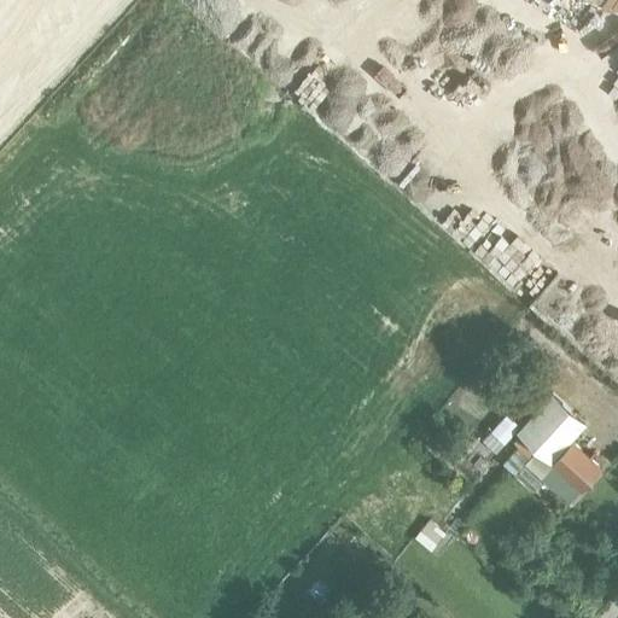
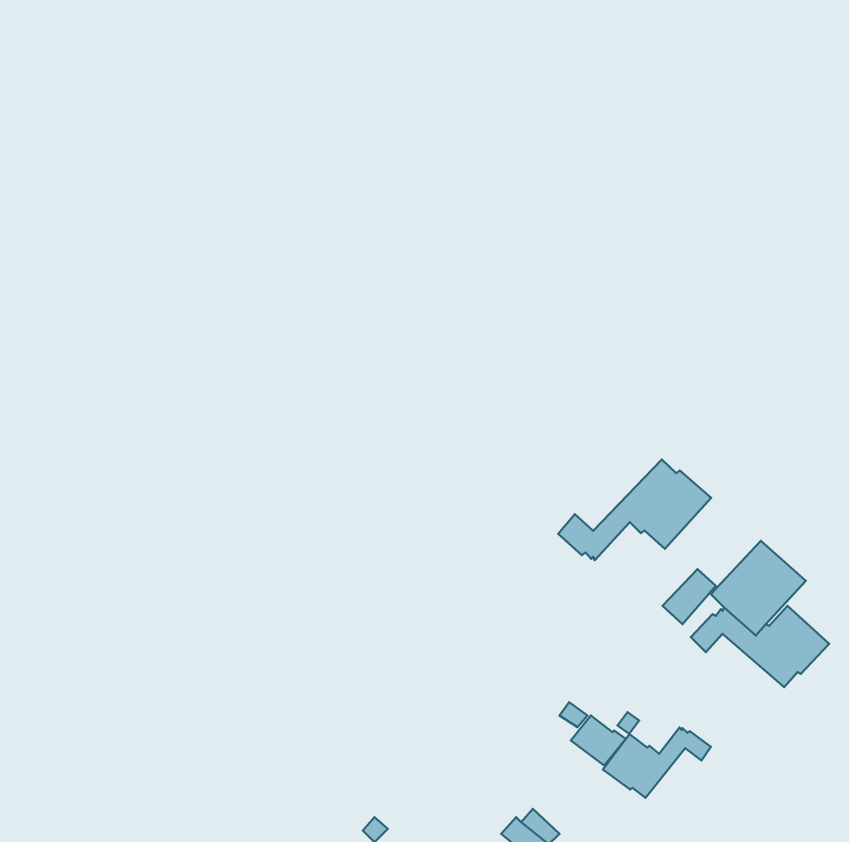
building: none -> [558,459,711,560]
building: none -> [603,727,711,798]

